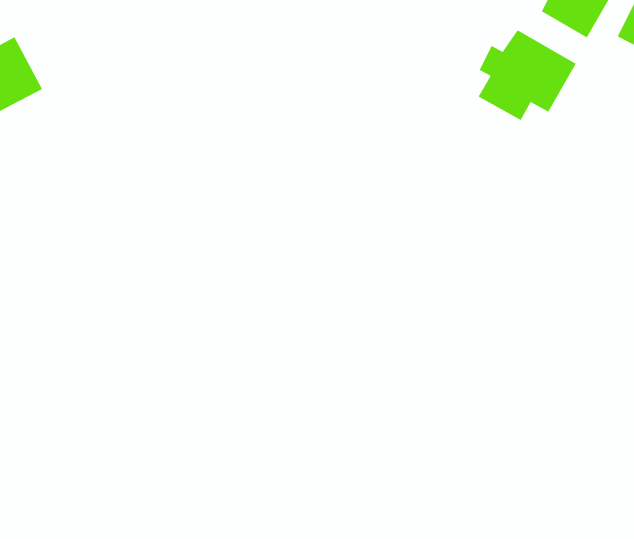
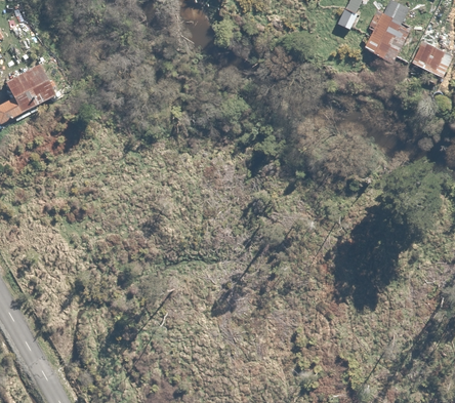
building: [478,29,577,121] -> none

